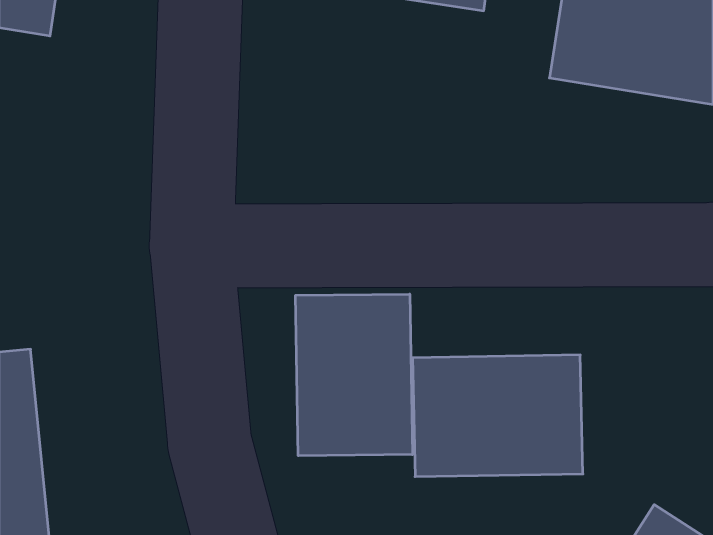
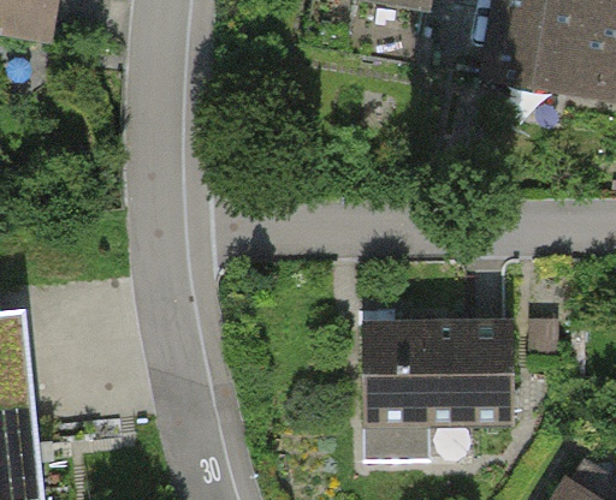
building: [296,294,412,456] -> none

